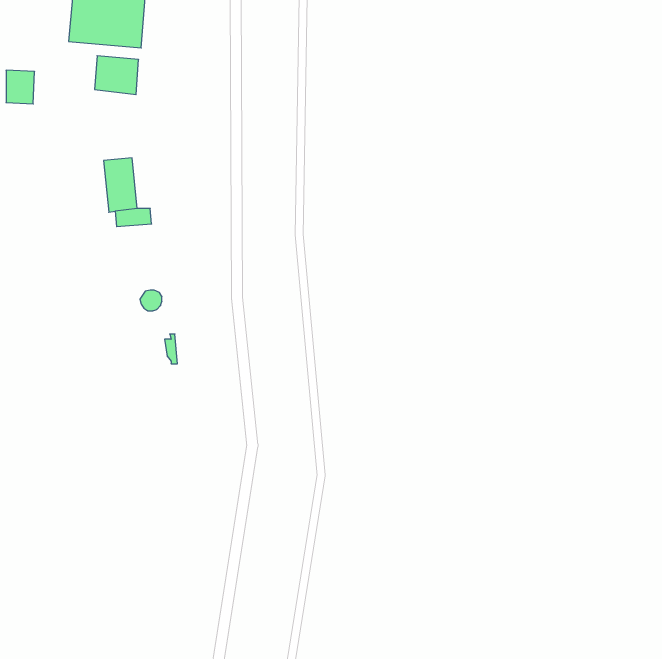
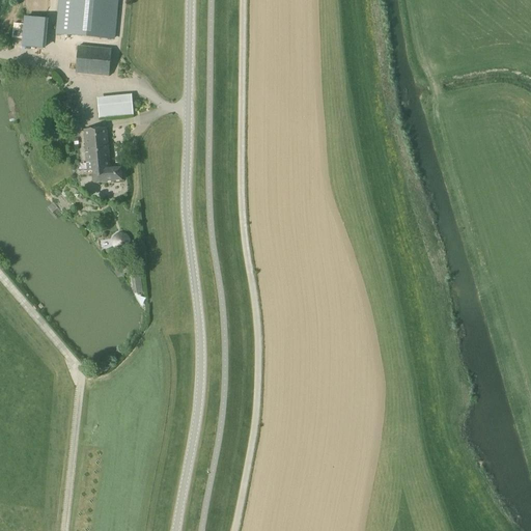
building: [6,70,35,104] -> [26,16,49,43]
building: none -> [96,95,132,116]

